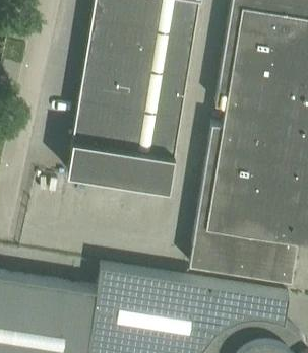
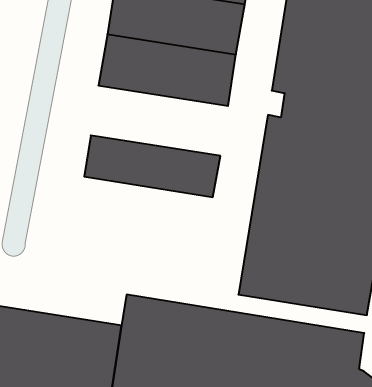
building: [73,99,182,155] -> none

